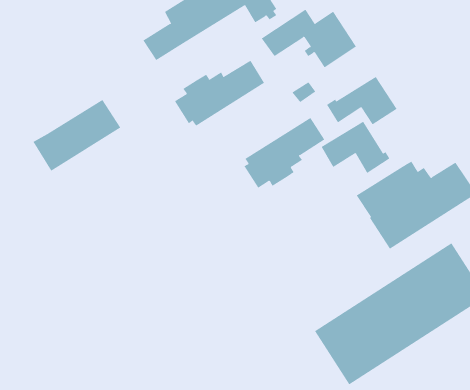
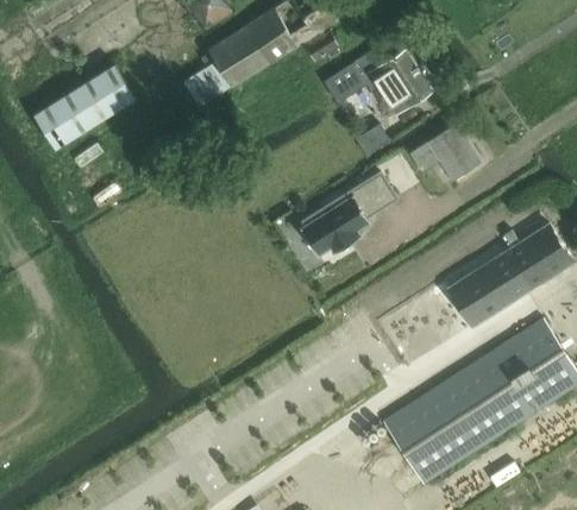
building: [174,60,265,127] -> none
building: [33,99,121,172] -> [31,64,134,149]
building: [321,121,390,174] -> none

